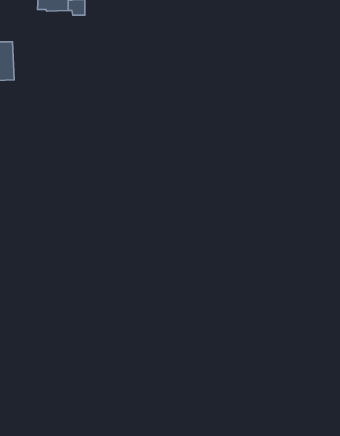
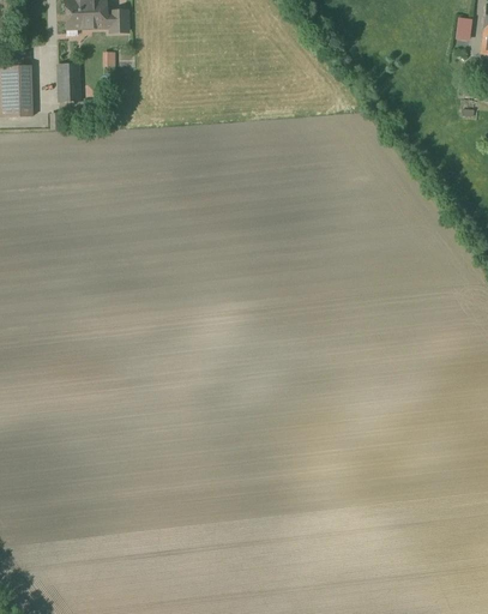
building: none -> [58,64,79,101]

